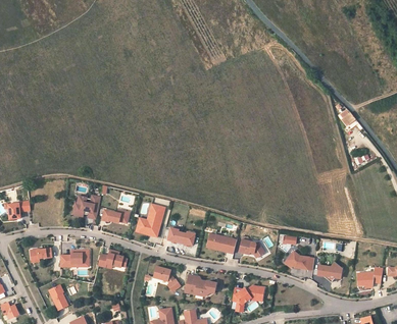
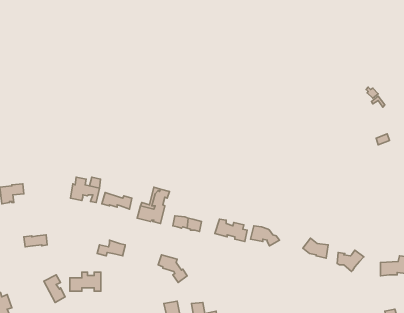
building: [59,250,88,267] -> [70,272,101,291]
building: [184,275,216,295] -> none
building: [232,285,263,312] -> none

